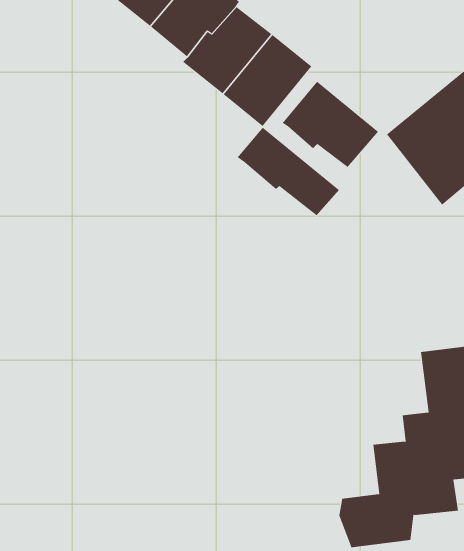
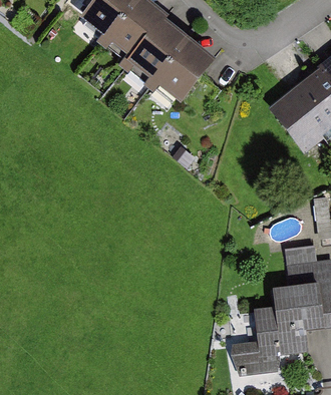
building: [282,81,379,168] -> none
building: [237,127,340,216] -> none

